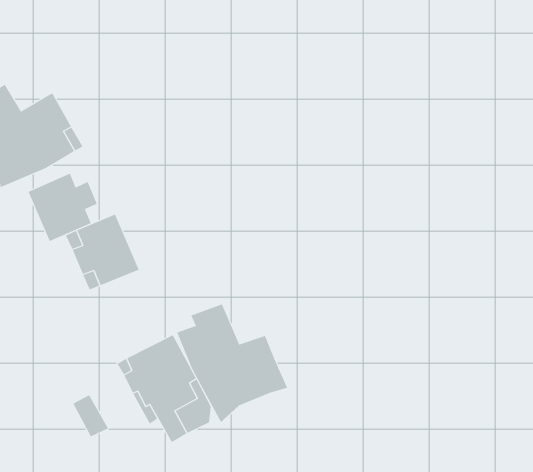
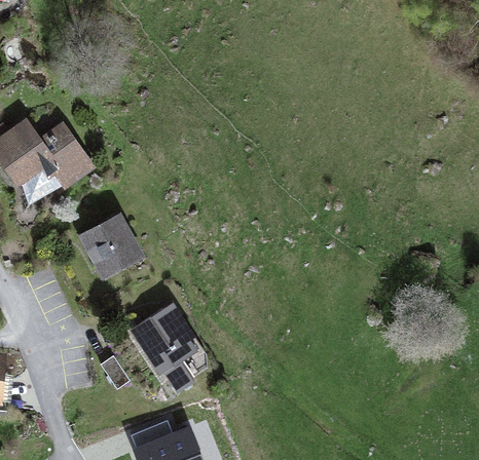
building: [28,173,97,242] -> none
building: [177,304,288,423] -> none

